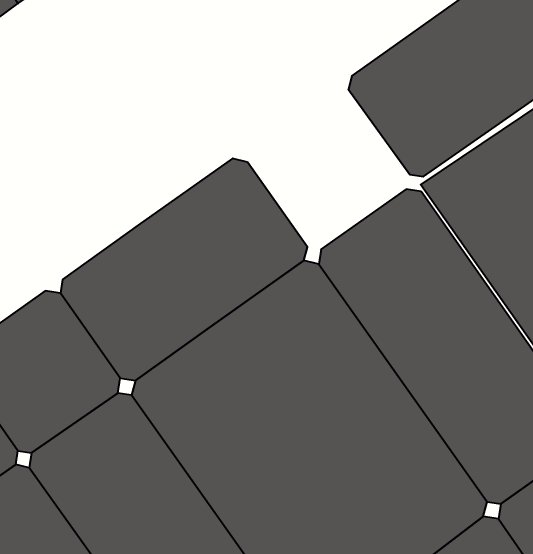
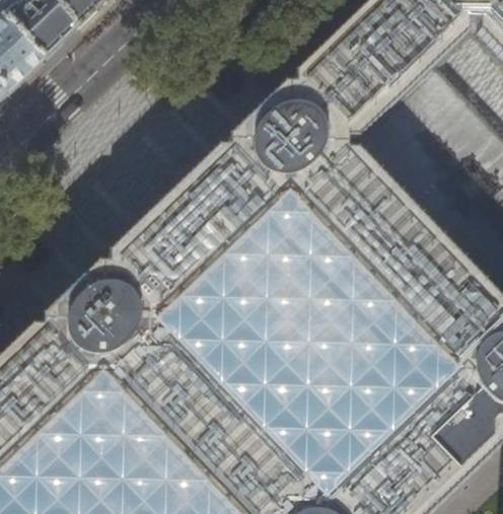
building: none -> [210,102,329,221]

